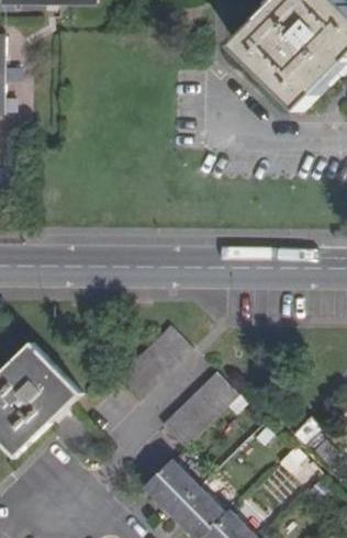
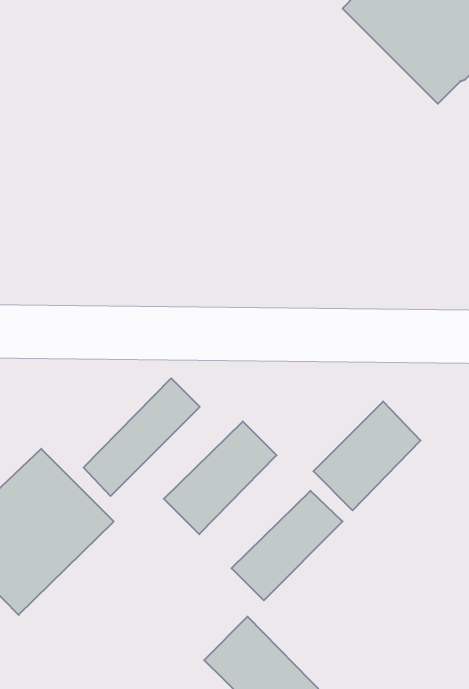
building: none -> [84,378,200,496]
building: none -> [313,401,421,510]

